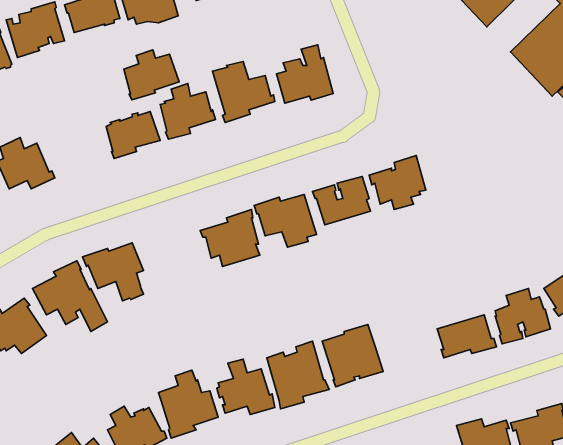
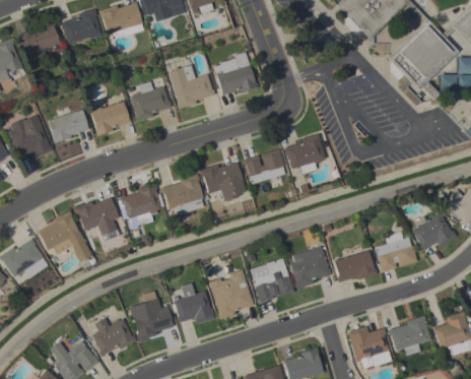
building: [124,50,179,100] -> [49,106,89,142]
building: none -> [119,183,163,228]
building: none -> [290,246,332,288]

